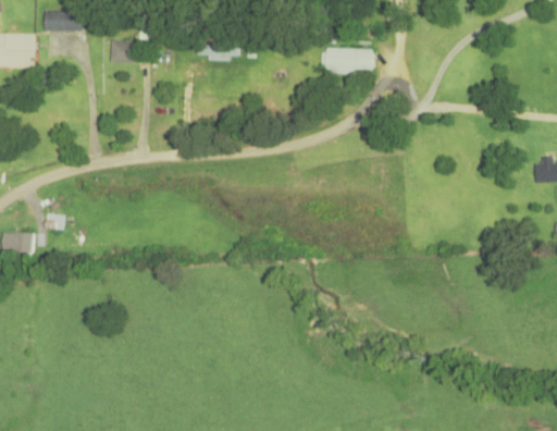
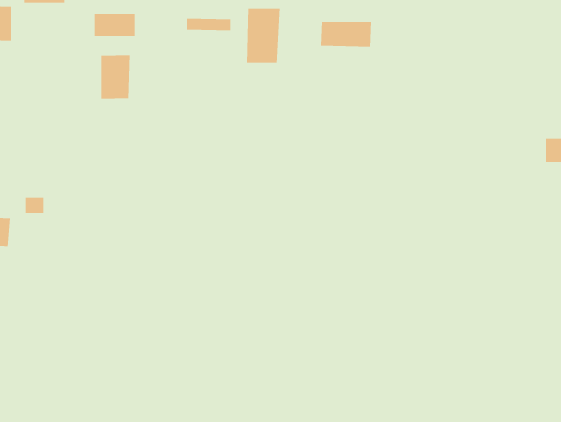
building: none -> [246,8,280,64]
building: none -> [101,55,130,99]

